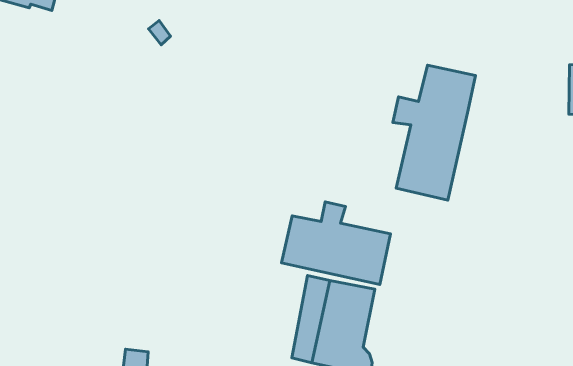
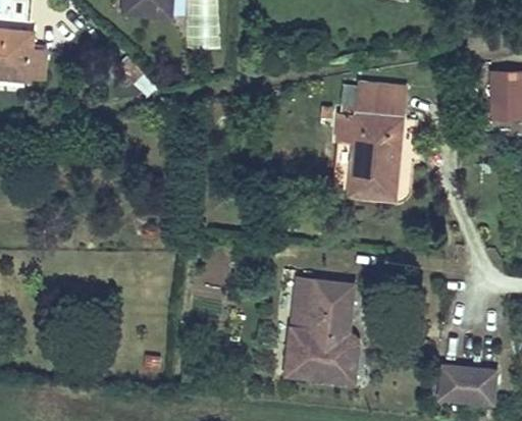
building: [282,202,391,285] -> none

